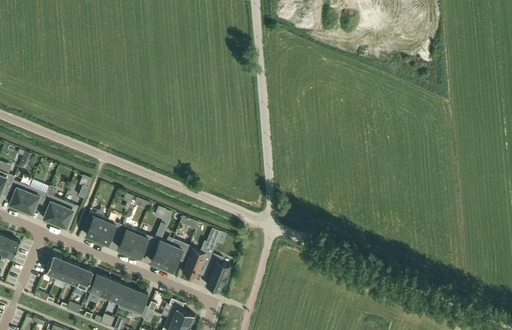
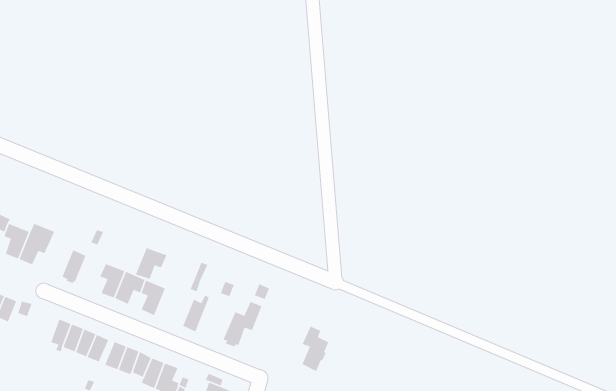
building: [42,194,64,223] -> none
building: [129,232,155,258] -> [135,247,168,280]
building: [162,239,188,272] -> none
building: [207,254,229,291] -> [301,325,329,372]

